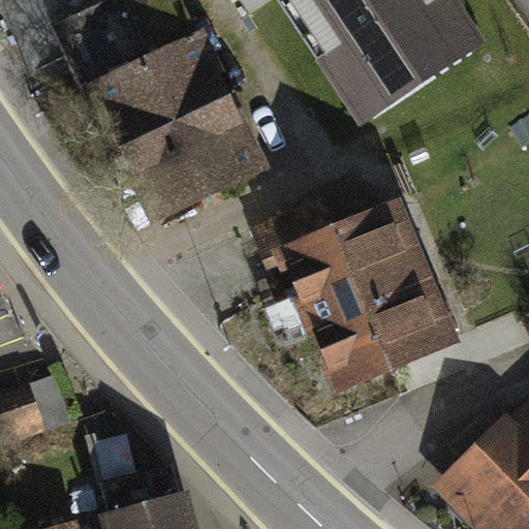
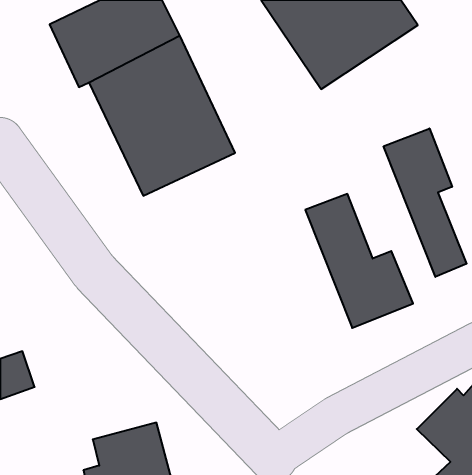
building: none -> [384,128,467,277]
building: [260,204,396,385] -> none

